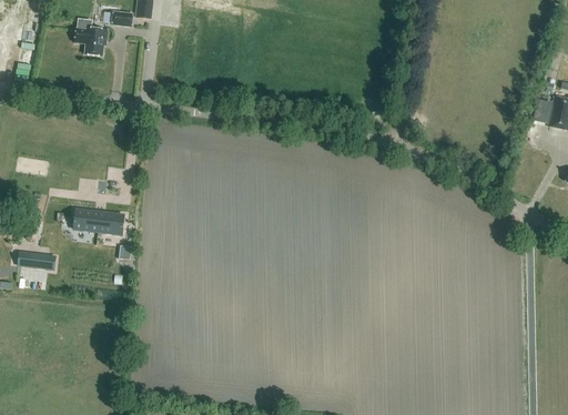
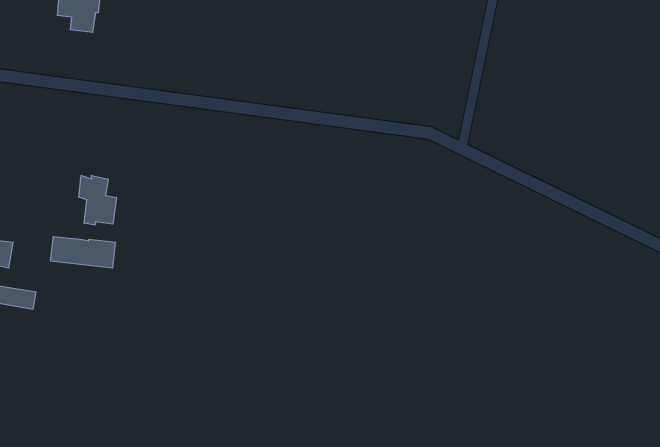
building: none -> [79,175,116,225]

